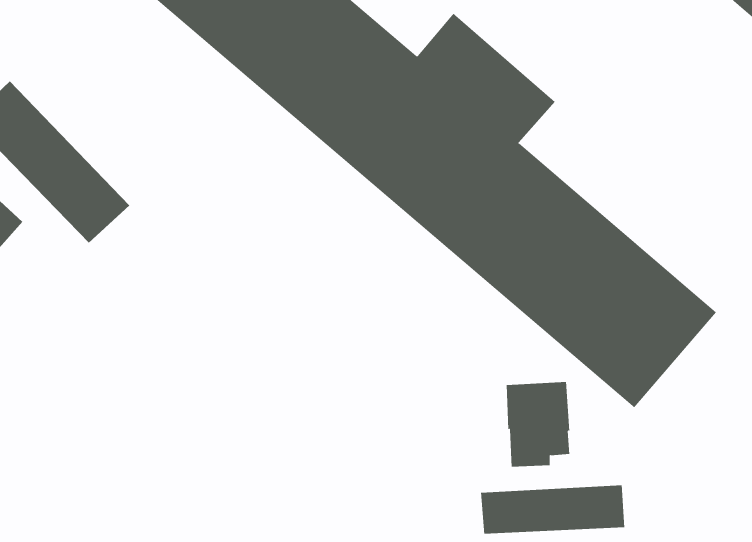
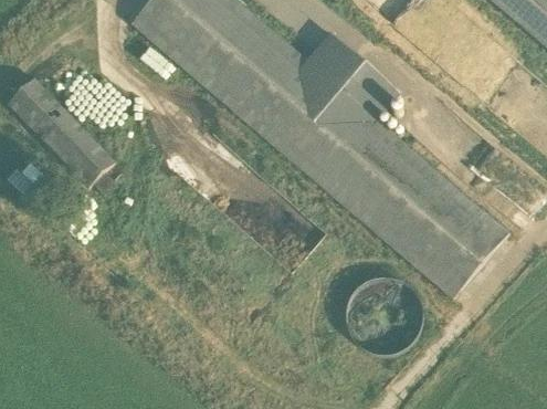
building: [480,485,625,535] -> none

